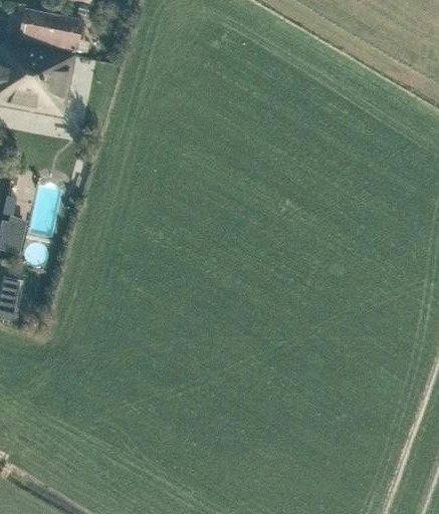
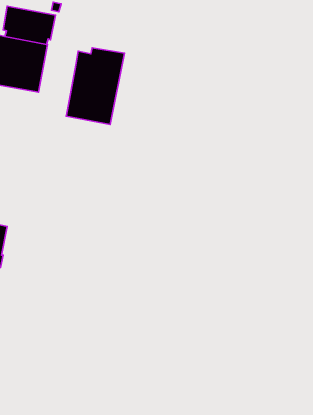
building: none -> [66,48,124,125]

